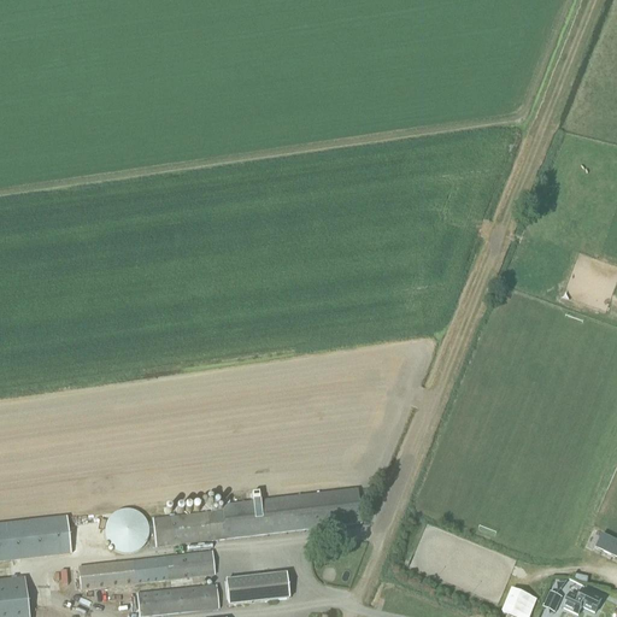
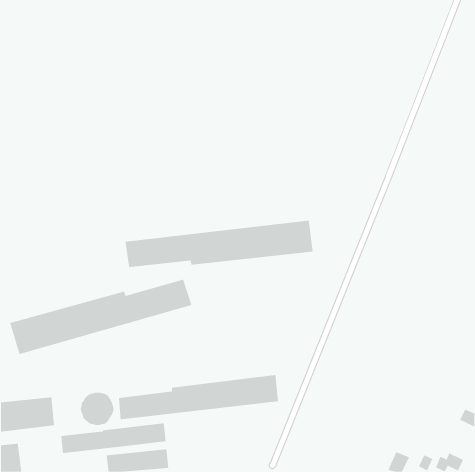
building: none -> [125,220,313,268]
building: none -> [9,279,192,355]
building: [225,571,289,604] -> none

